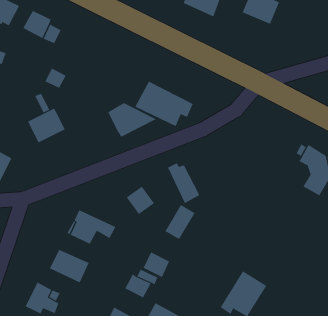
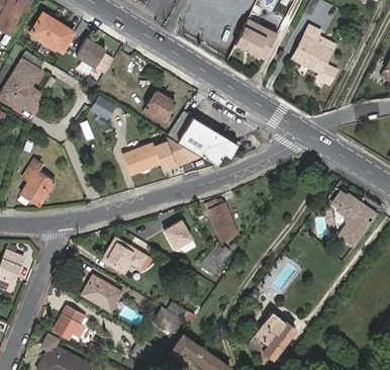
building: none -> [139,89,172,122]
building: [27,108,66,143] -> [122,143,160,176]
building: [143,252,170,278] -> none

